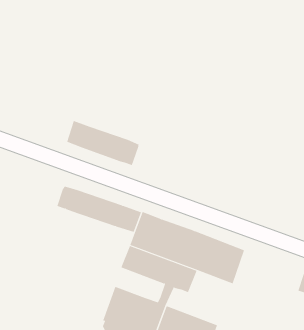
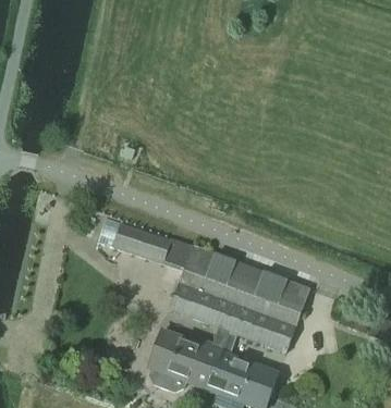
building: [66,120,139,166] -> none
building: none -> [245,311,295,351]

